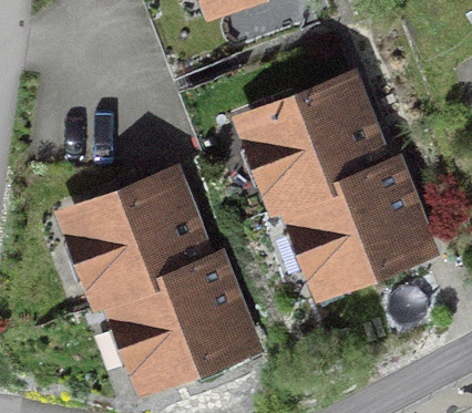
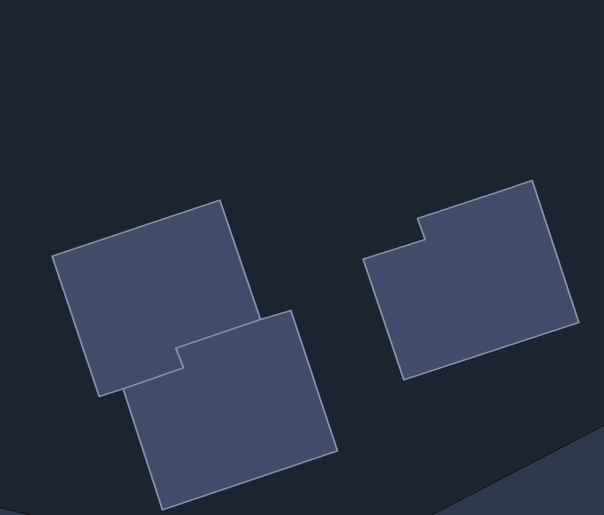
building: [233,74,384,218] -> none

